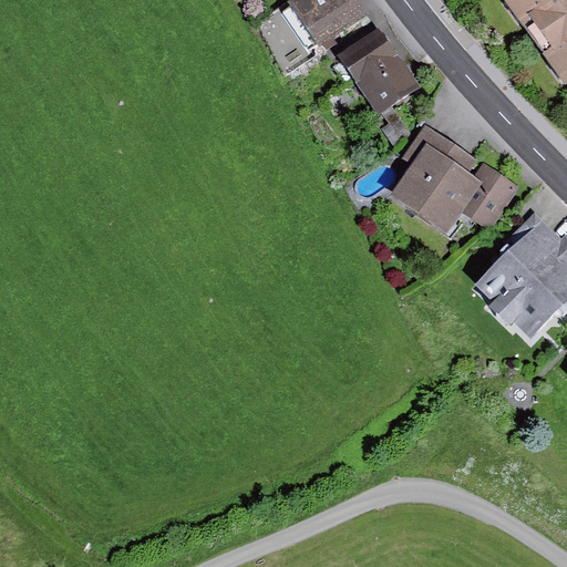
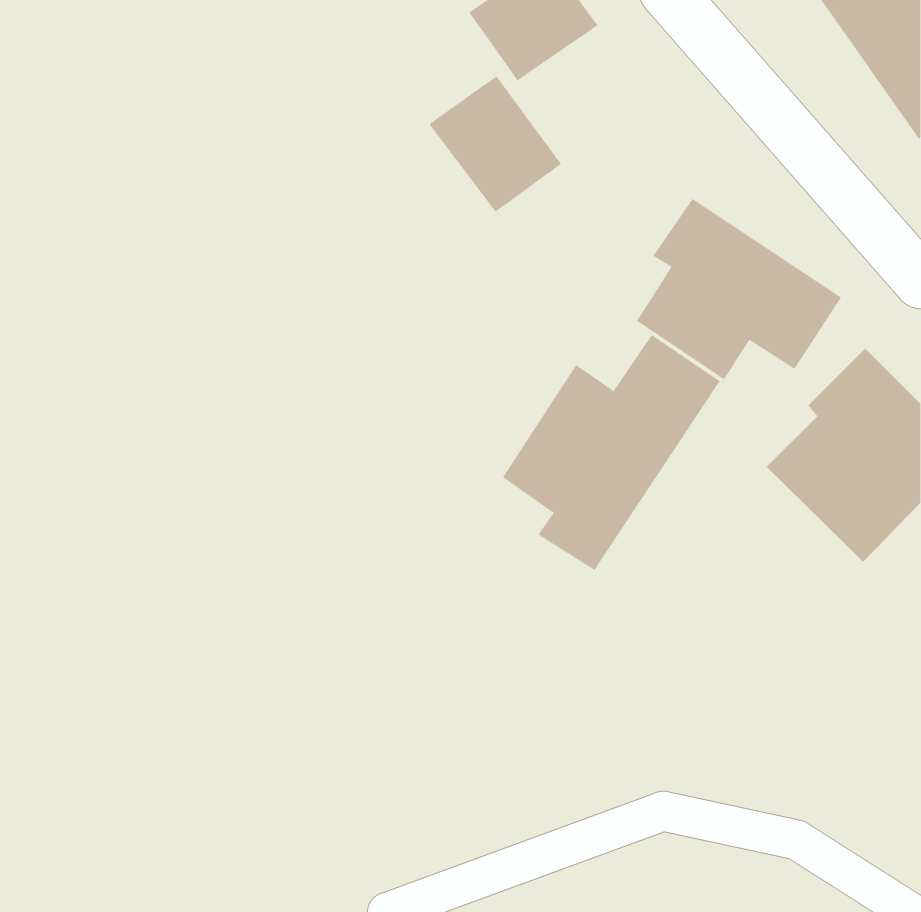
building: [339,30,421,114] -> [428,75,562,212]
building: none -> [502,334,721,571]

